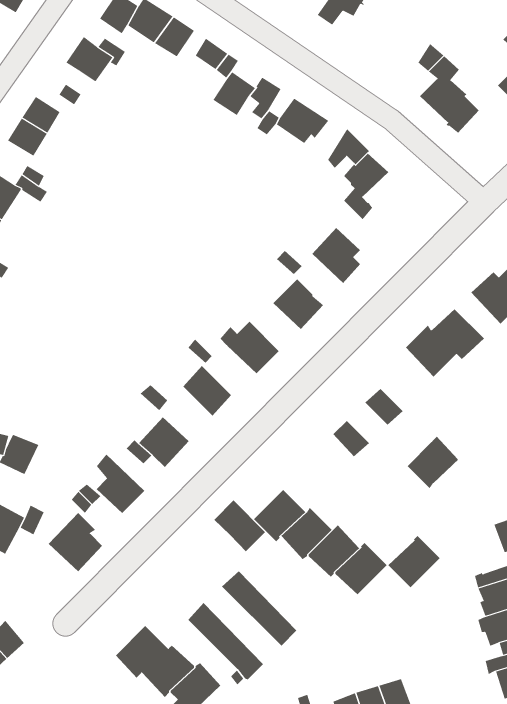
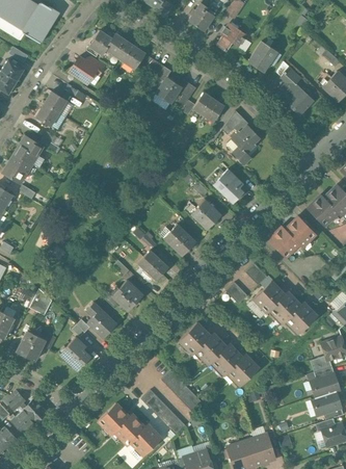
building: none -> [248,41,277,71]
building: none -> [254,281,285,312]
building: [213,500,266,552] -> none
building: [387,535,440,588] -> [286,302,317,333]

